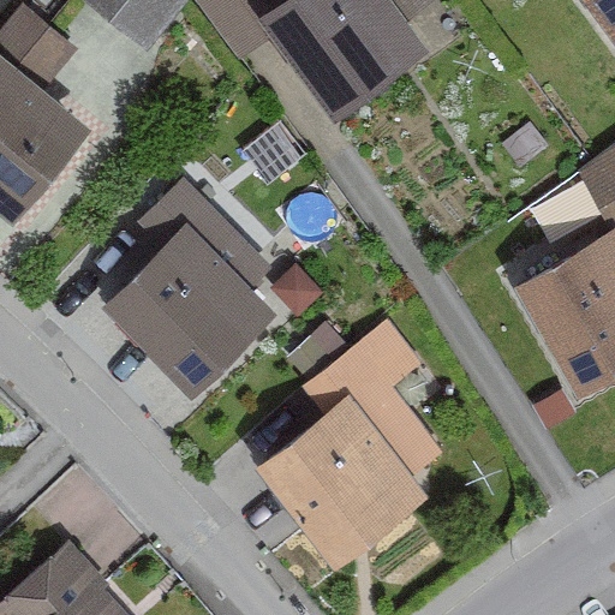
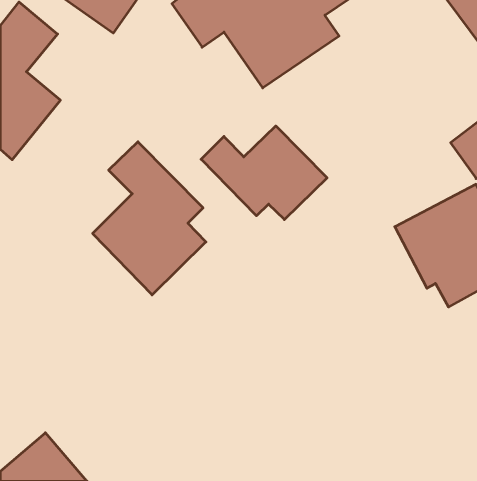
building: none -> [201,126,327,220]
building: [246,323,450,569] -> none

